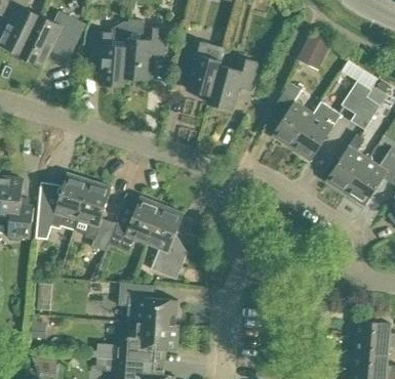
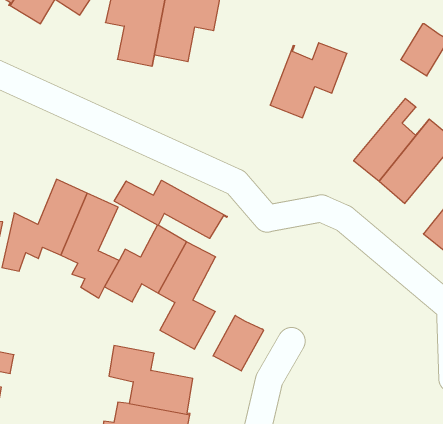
building: [181,38,223,103] -> none
building: none -> [114,180,227,238]
building: none -> [213,315,263,371]

